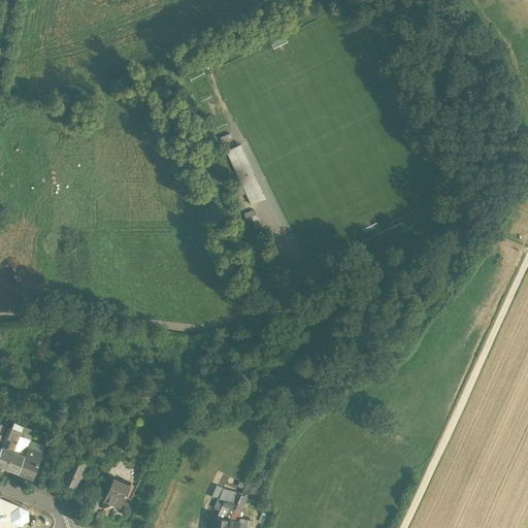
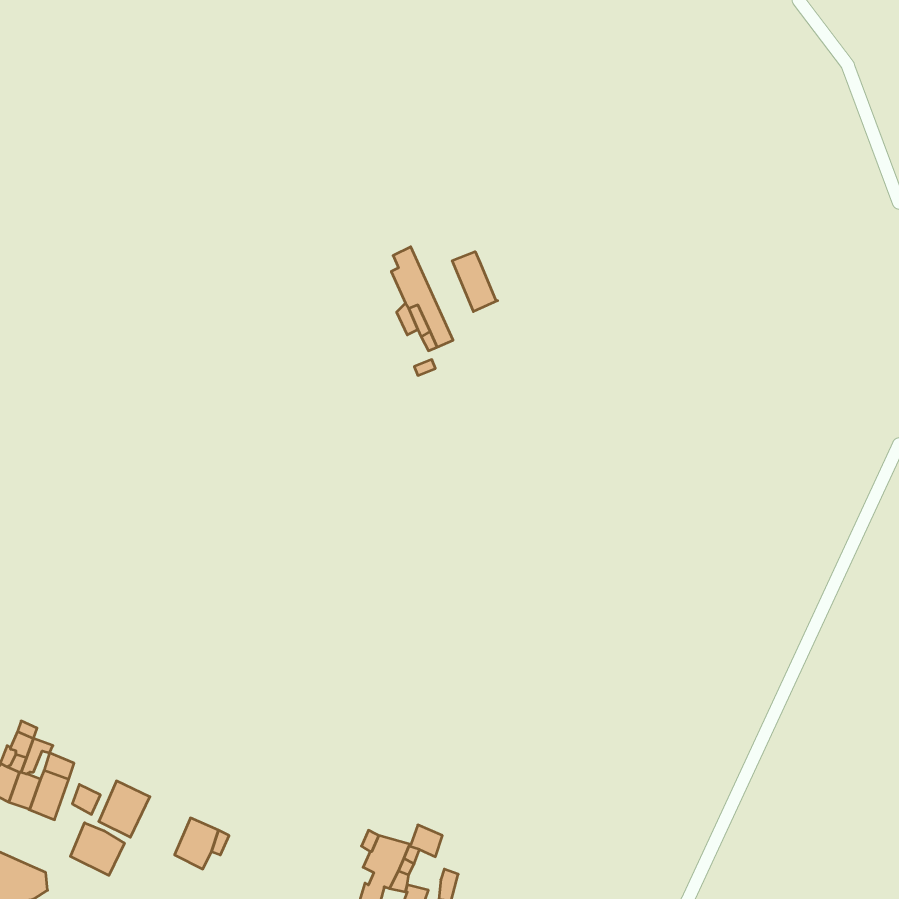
building: none -> [452,252,498,312]
building: none -> [70,823,124,875]

